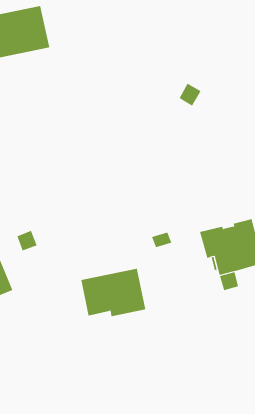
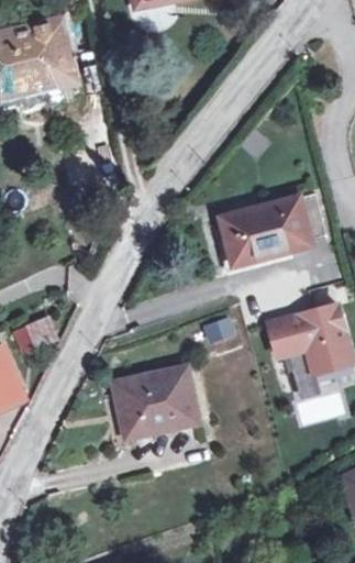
building: none -> [221,195,325,260]

